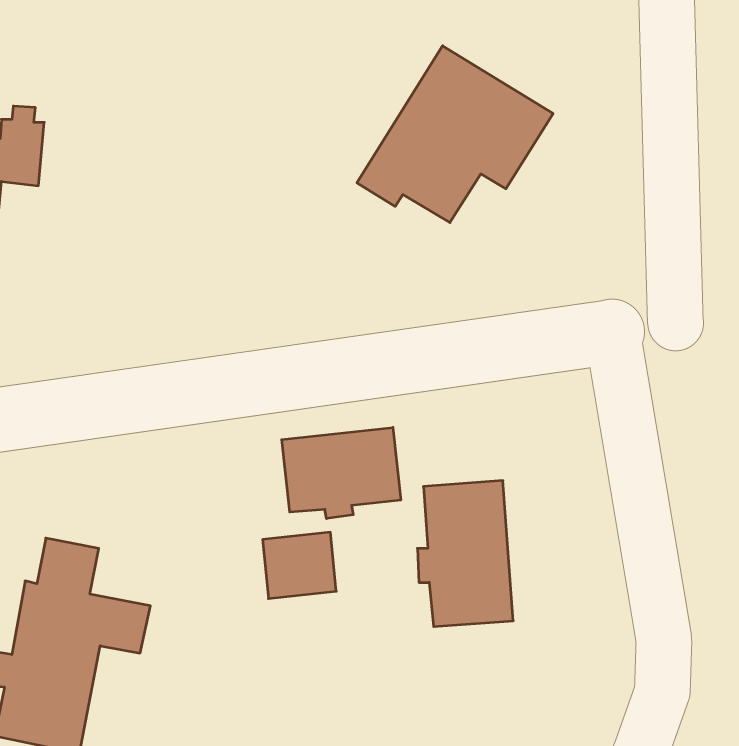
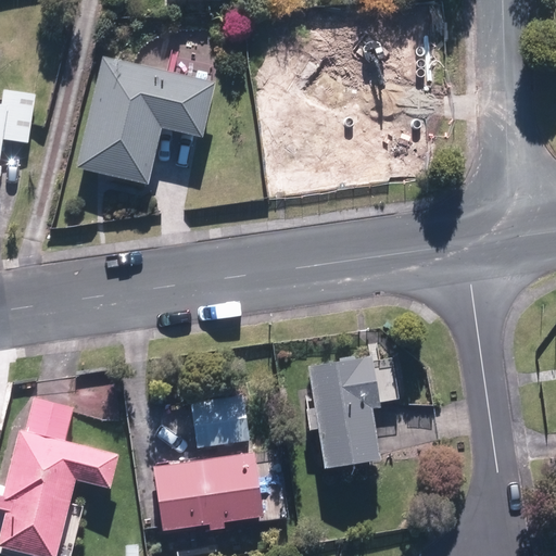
building: none -> [80,51,217,181]
building: [282,427,401,519] -> none
building: none -> [152,456,253,528]

